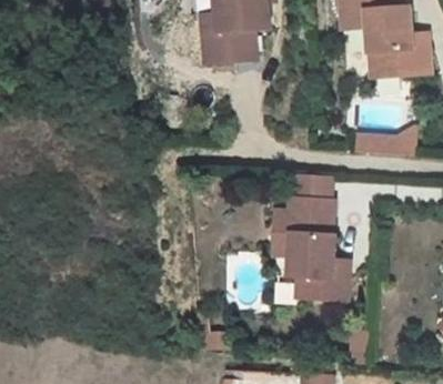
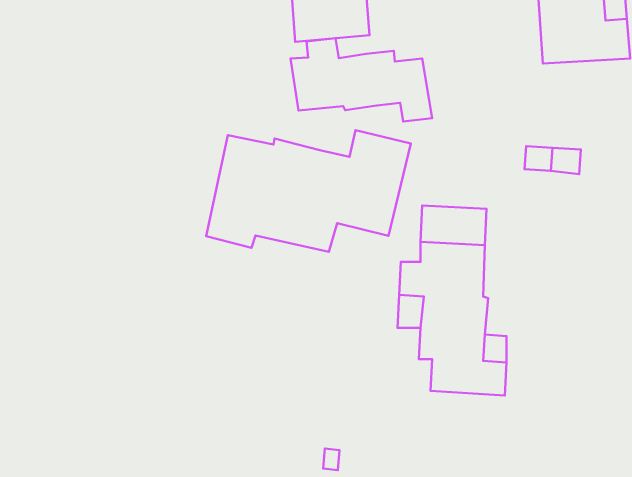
building: none -> [291,38,432,121]
building: none -> [206,130,411,252]

